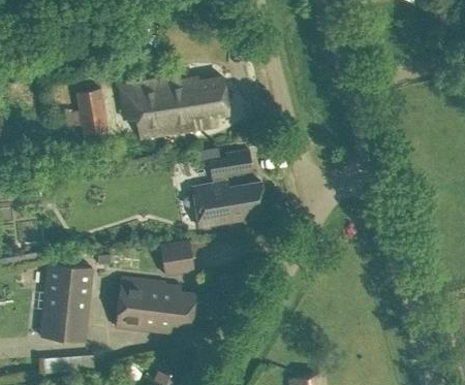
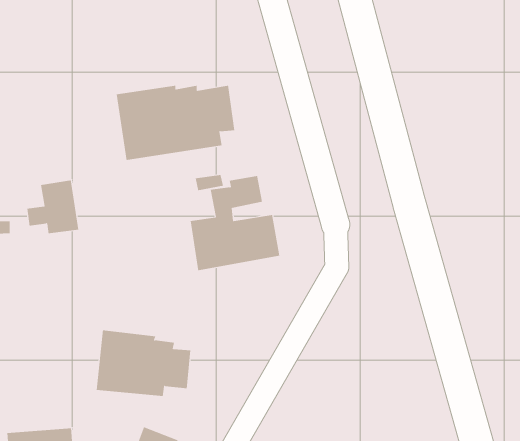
building: [64,87,107,131] -> [26,180,79,234]
building: [158,240,193,275] -> none
building: [41,264,91,342] -> none

